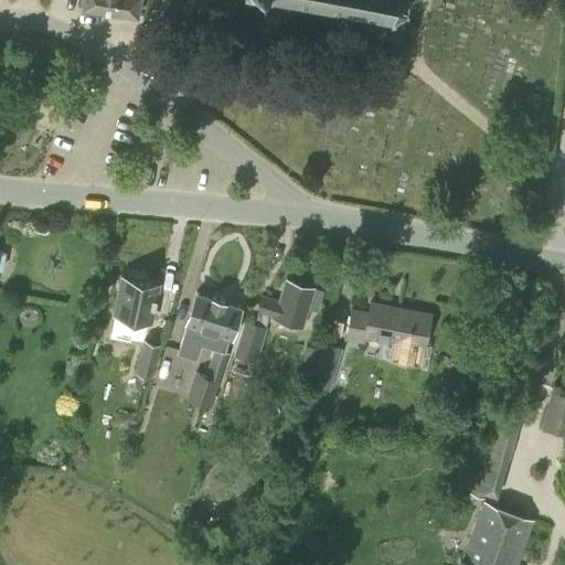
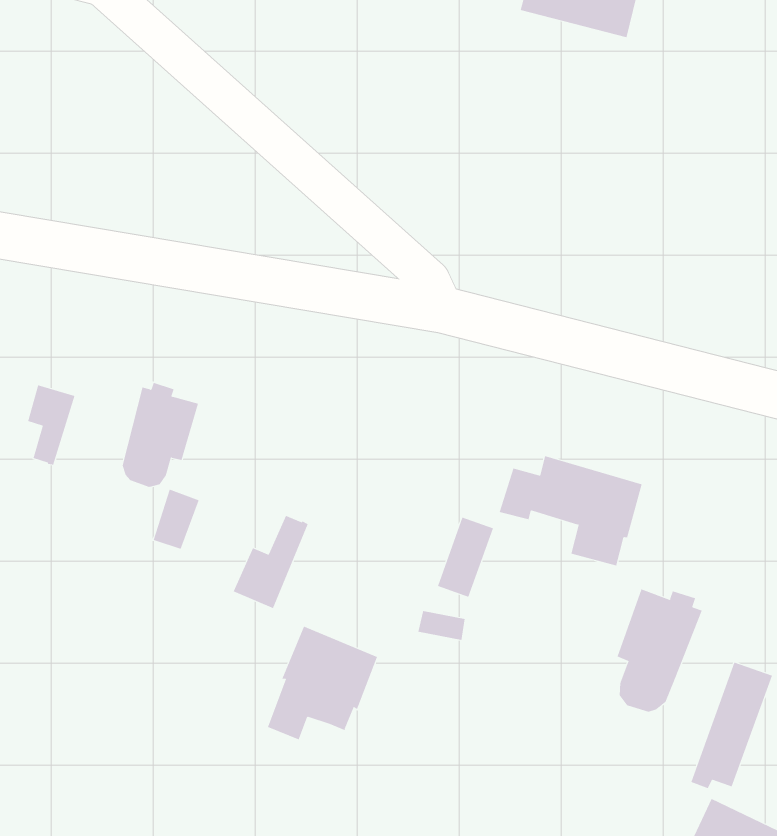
building: [234,280,313,363] -> none
building: none -> [28,385,75,465]
building: [178,291,242,361] -> [267,626,378,740]
building: none -> [617,588,702,712]

